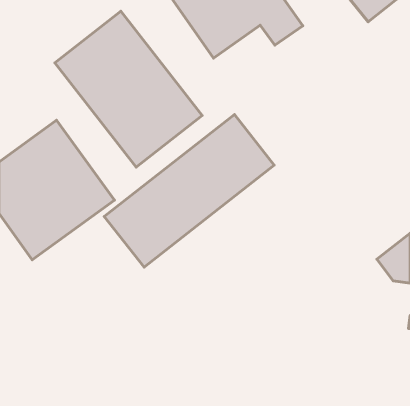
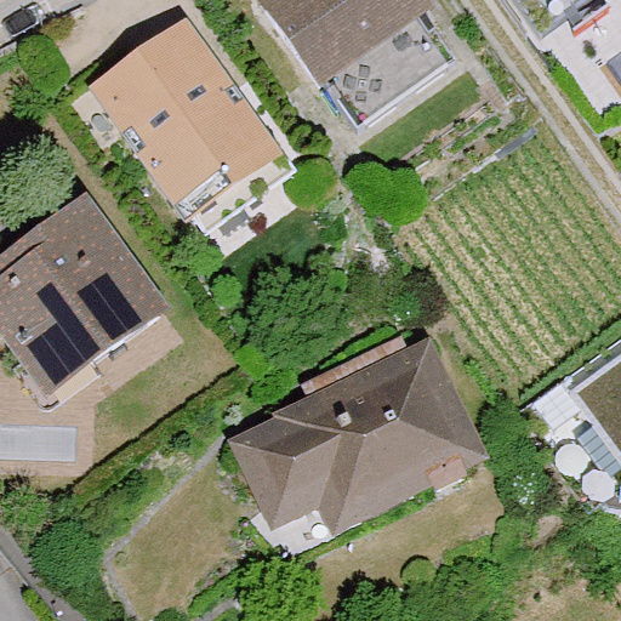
building: [104,114,274,267] -> none
building: none -> [238,342,473,518]

